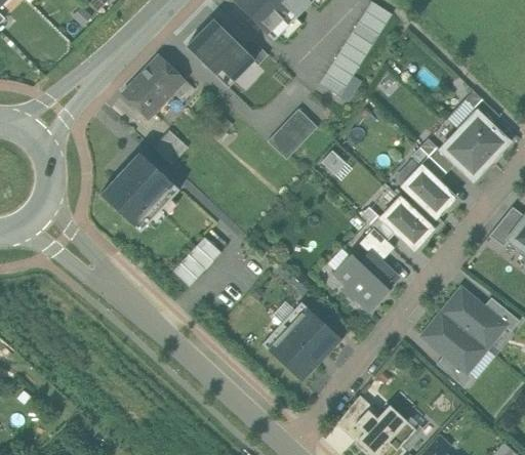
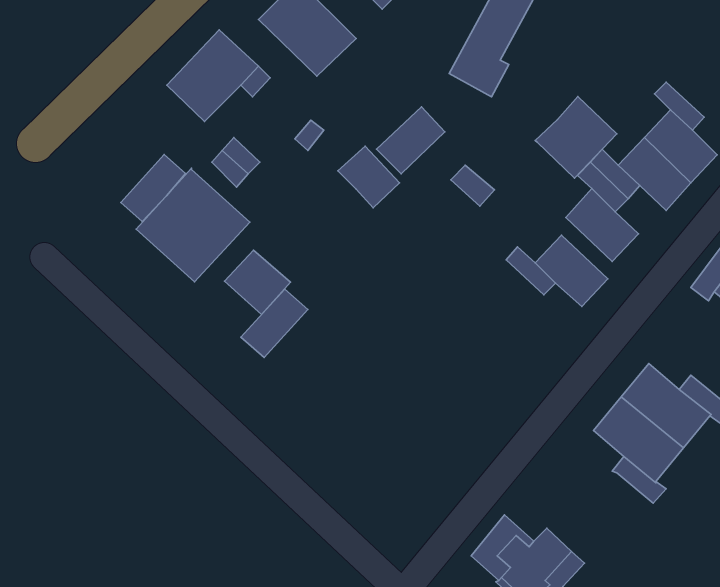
building: none -> [535,96,617,178]
building: none -> [338,146,399,208]
building: none -> [121,154,186,222]
building: none -> [225,250,291,315]
building: [335,252,396,308] -> none
building: [261,301,341,381] -> none

